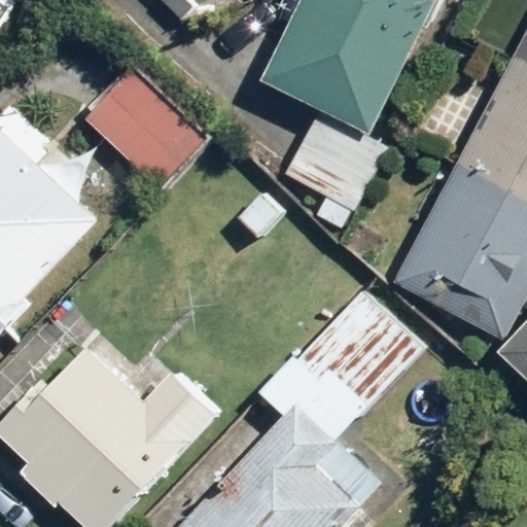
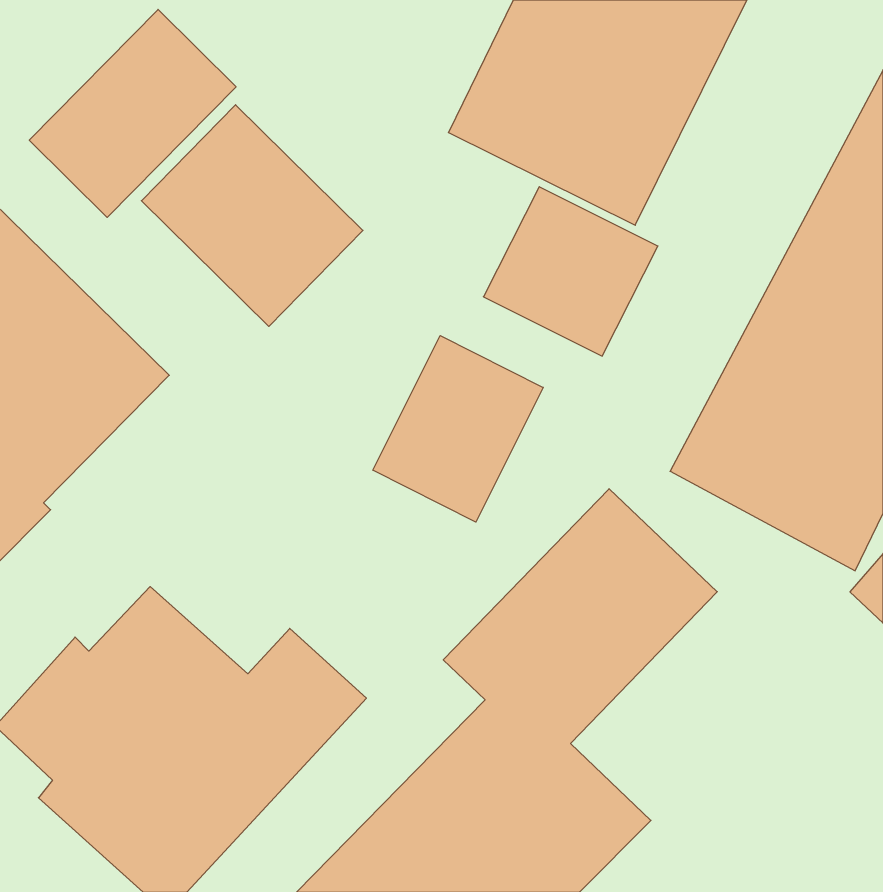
building: none -> [29,9,236,217]
building: none -> [373,336,543,522]

